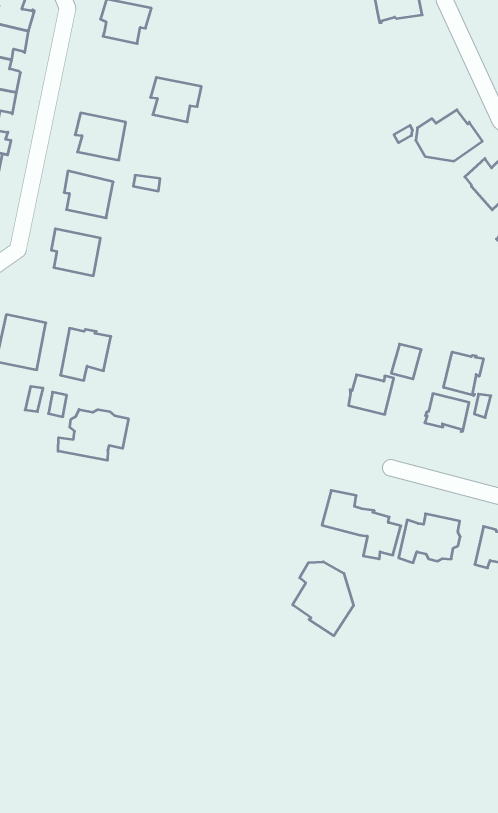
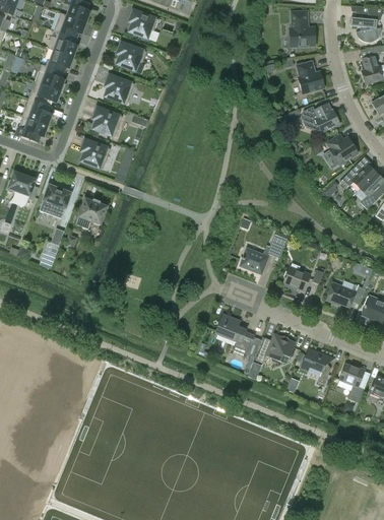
building: none -> [296,60,324,93]
building: [150,77,201,122] -> [116,42,146,70]
building: [444,352,483,396] -> none
building: [58,409,128,460] -> none
building: [293,562,354,636] -> none

